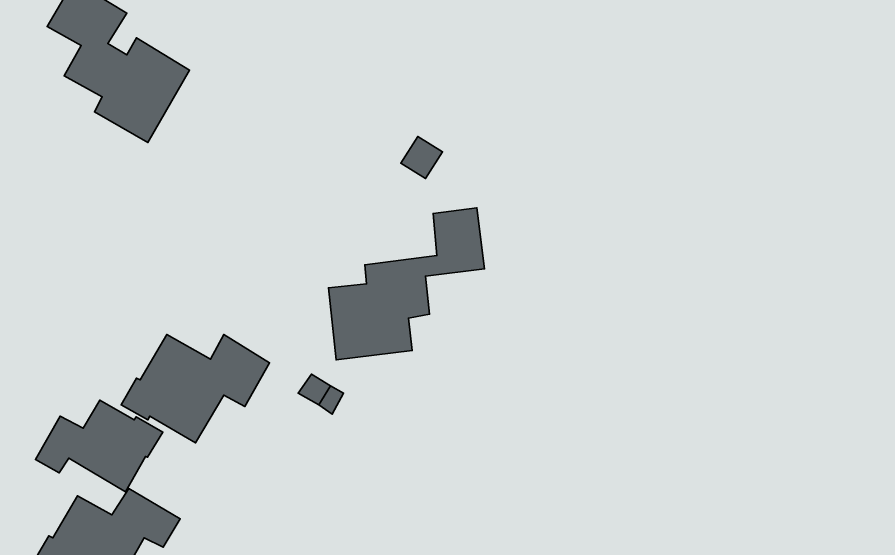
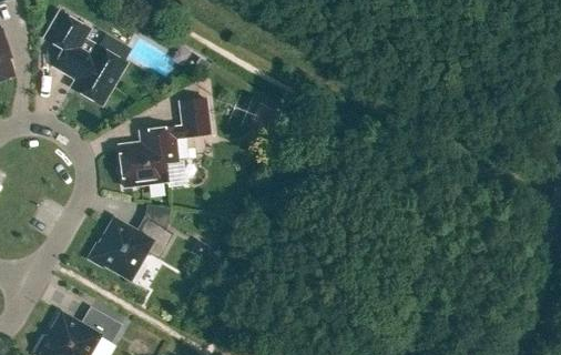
building: [329,208,485,360] -> [120,99,211,187]
building: [35,400,163,492] -> none

